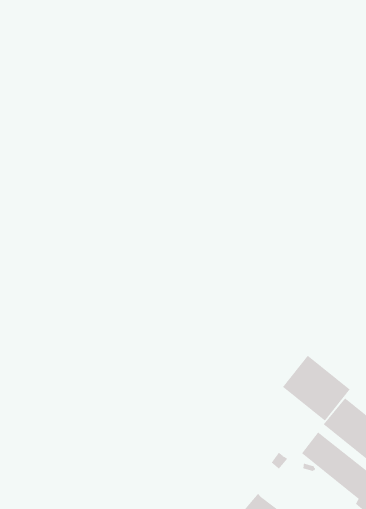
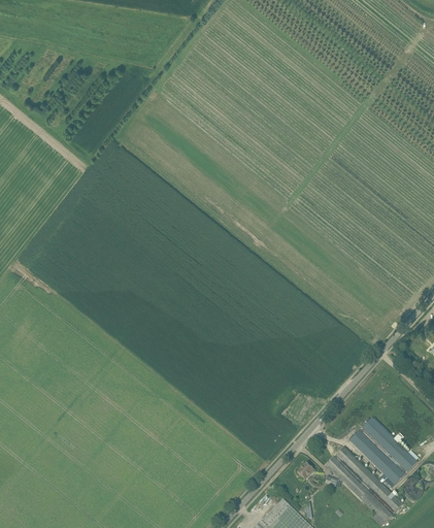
building: [282,355,351,422] -> none

